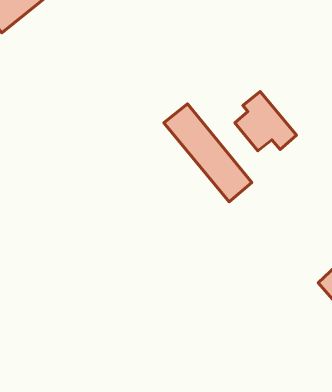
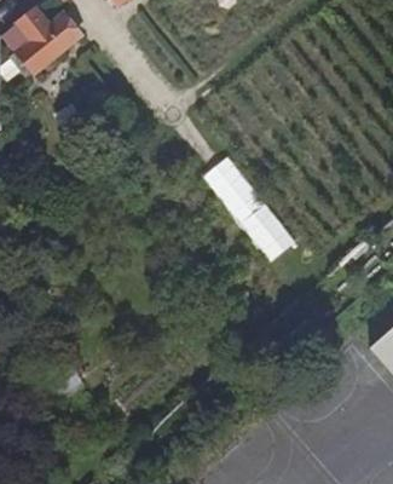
building: [235,91,296,151] -> none

